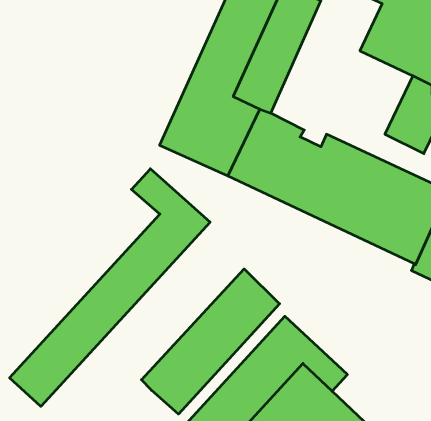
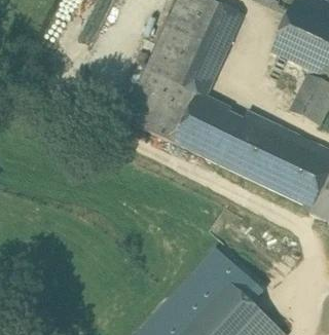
building: [10,169,210,406] -> none
building: [141,269,280,414] -> none

